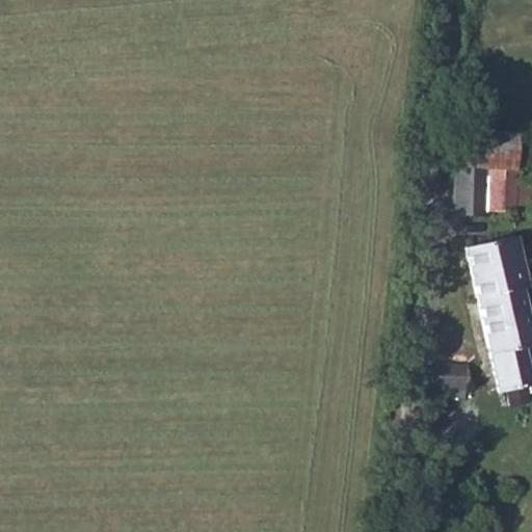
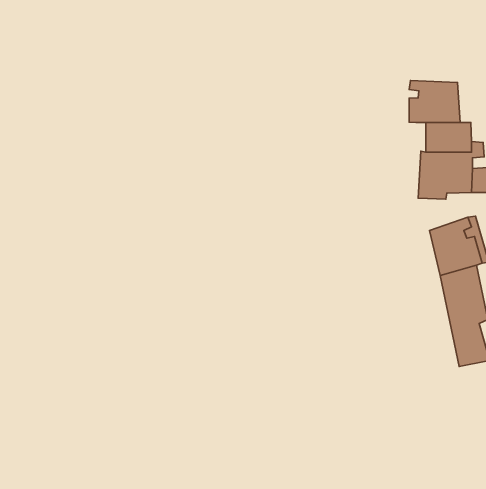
building: none -> [409,80,460,122]
building: [431,362,469,390] -> none

